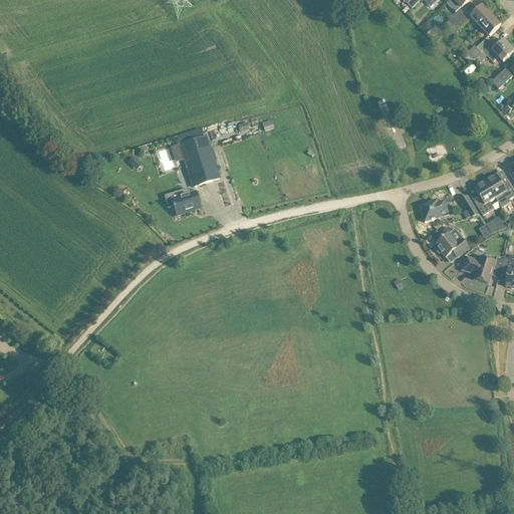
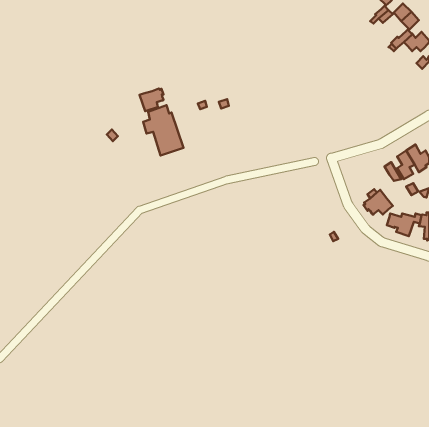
building: none -> [140,88,164,111]
building: [163,190,198,214] -> none
building: [422,199,448,221] -> none

